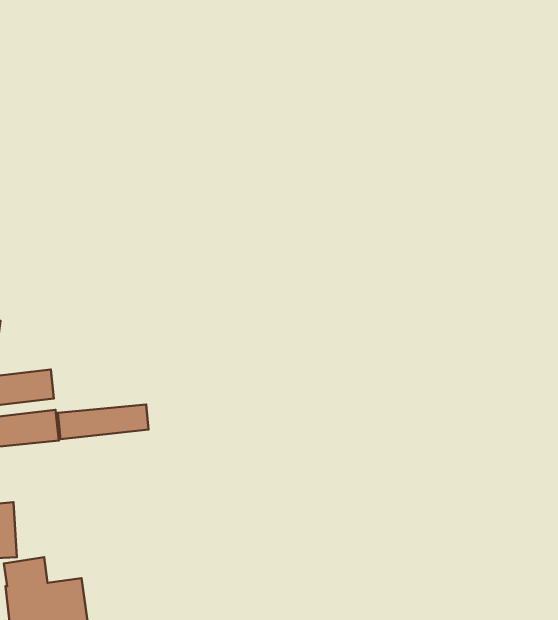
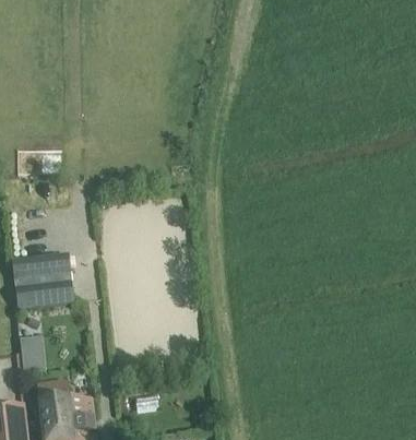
building: [58,405,149,439] -> none

